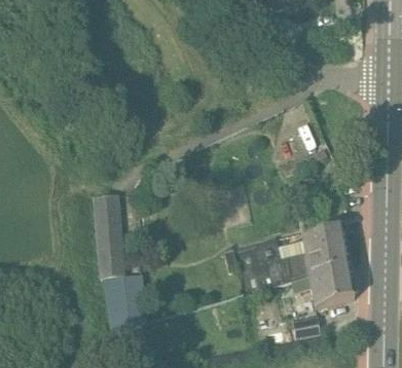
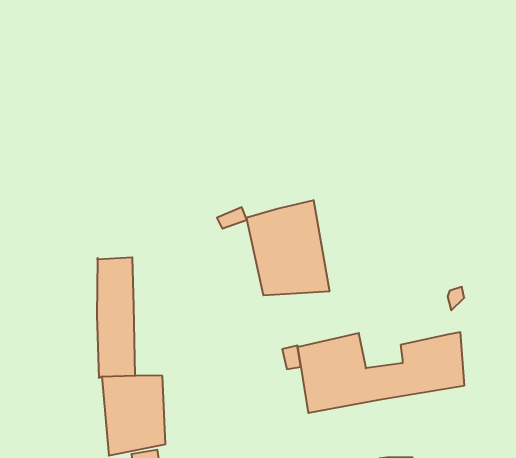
building: none -> [246,200,329,295]
building: [292,267,354,308] -> none

